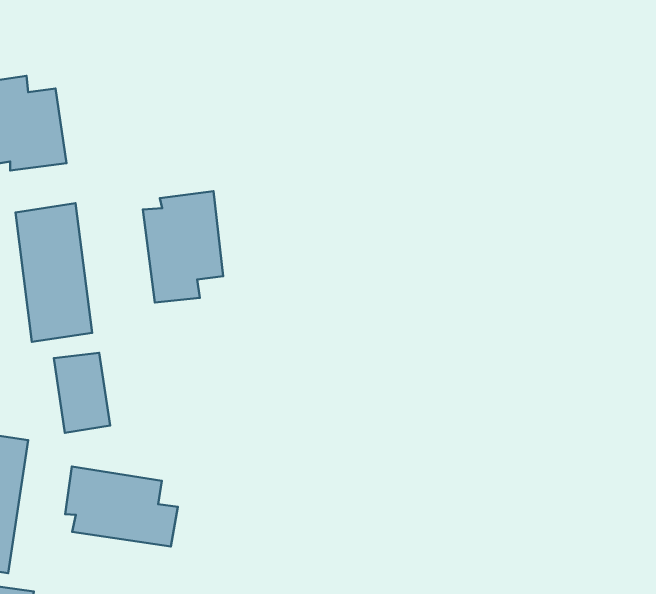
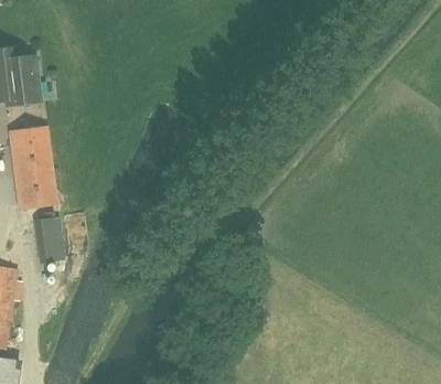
building: [143,191,223,303] -> none
building: [65,467,178,547] -> none

